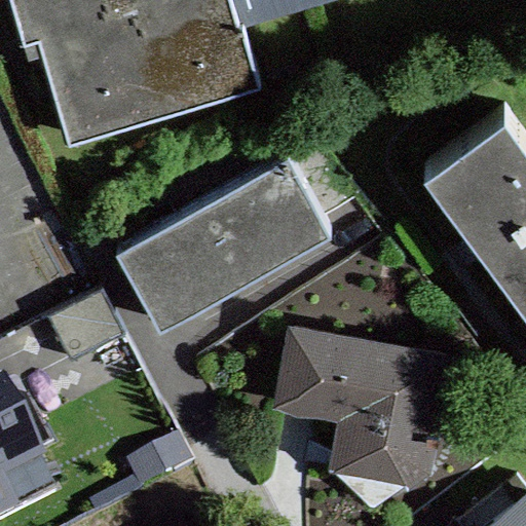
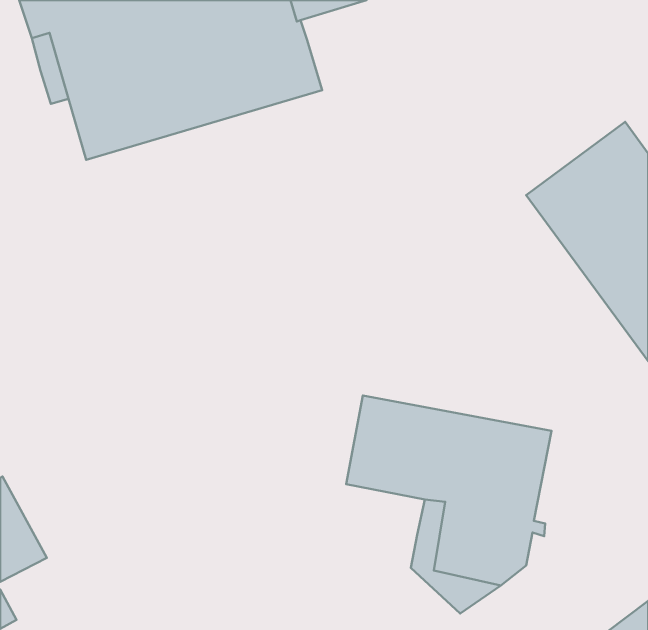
building: [118,157,331,329] -> none

